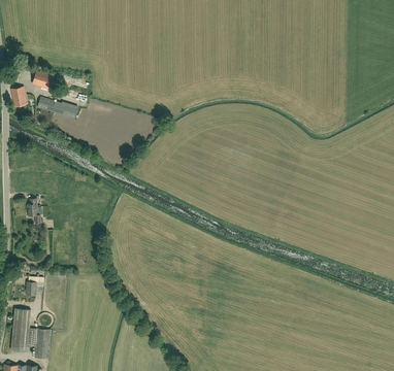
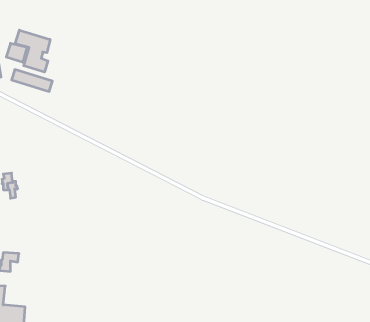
building: none -> [15,30,50,72]

